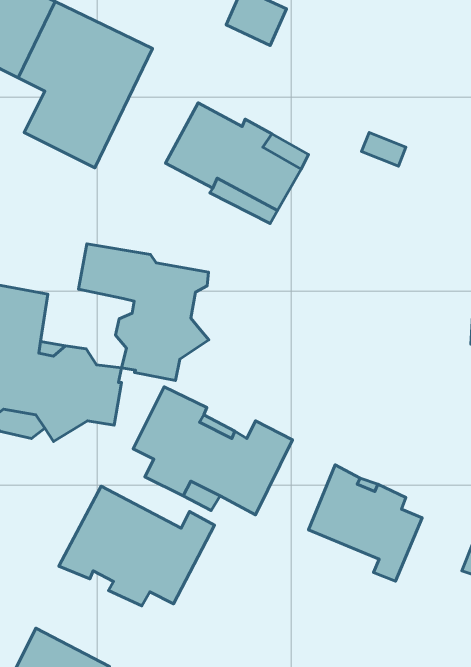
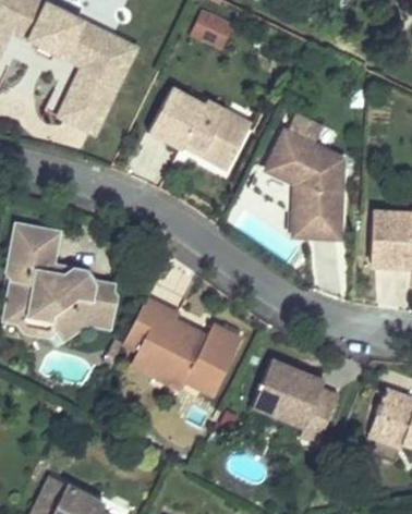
building: none -> [268,133,343,238]
building: [78,244,209,380] -> none
building: [59,486,214,606] -> none

